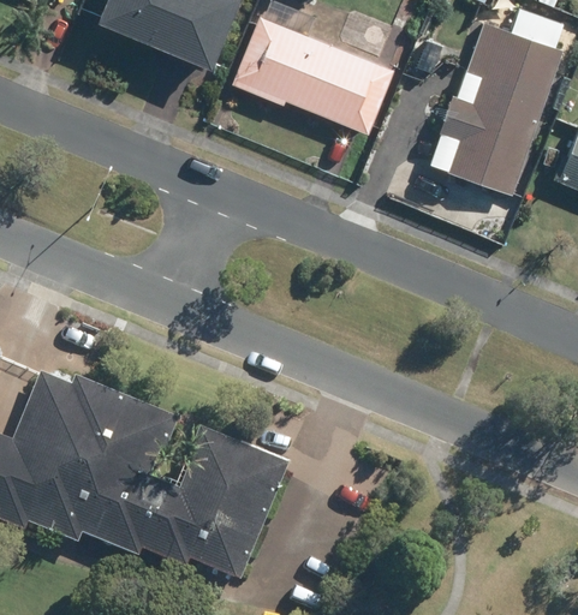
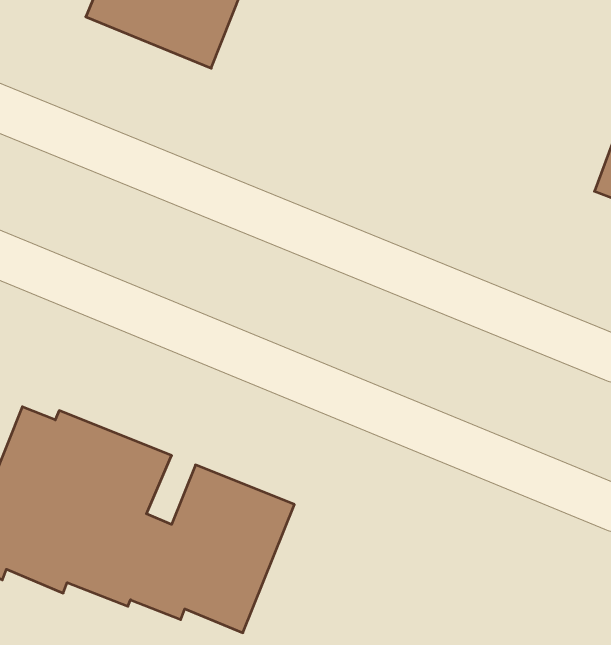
building: [231,13,389,131] -> none
building: [439,20,564,192] -> none

